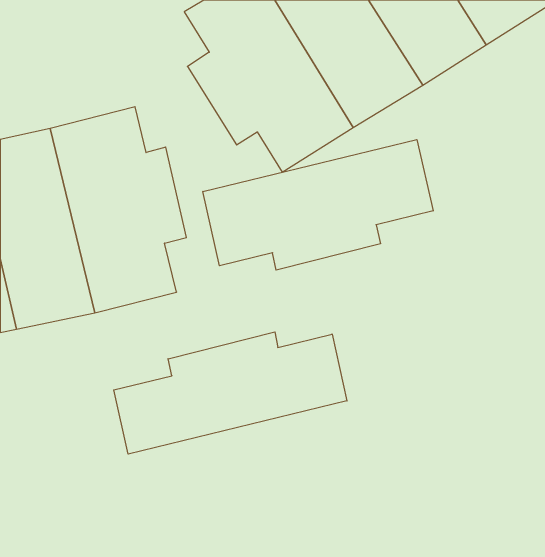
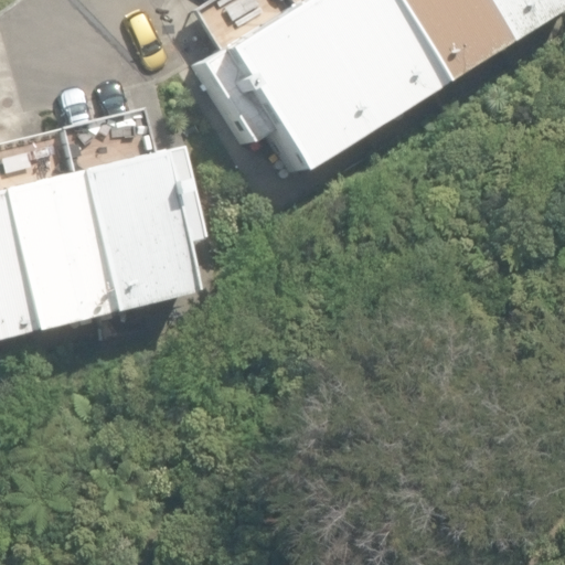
building: [203,140,433,270] -> none
building: [114,332,347,454] -> none

